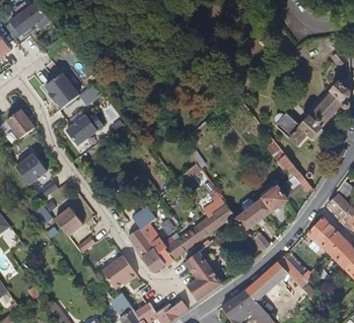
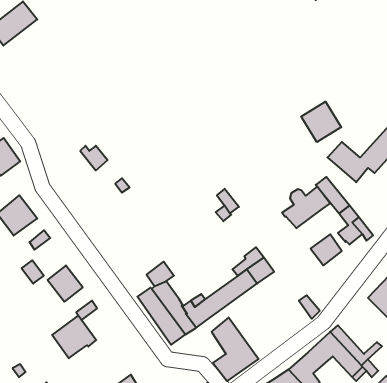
building: [45,72,80,109] -> none
building: none -> [301,102,341,142]
building: [65,120,93,147] -> none
building: [233,196,271,229] -> [282,187,330,228]
building: [101,256,136,289] -> [52,315,96,358]

